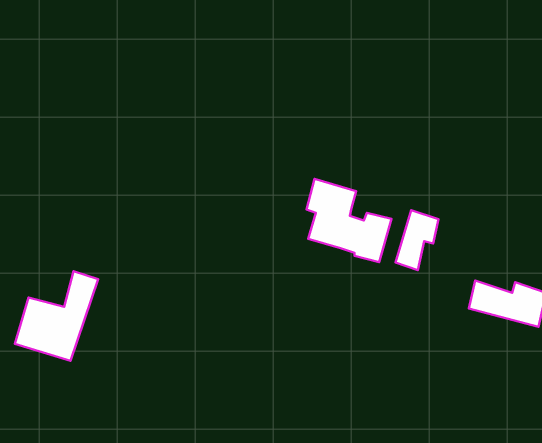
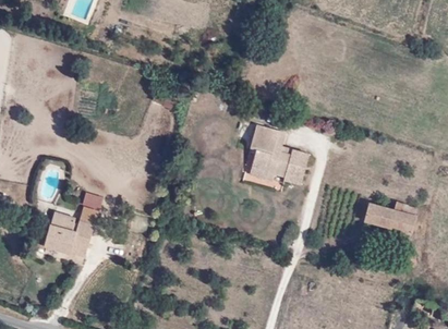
building: [396,210,438,270] -> none

